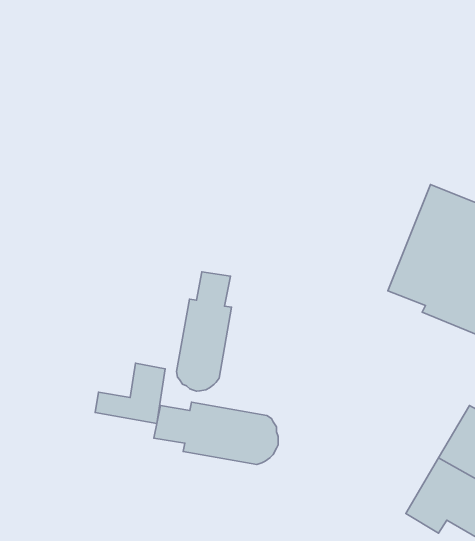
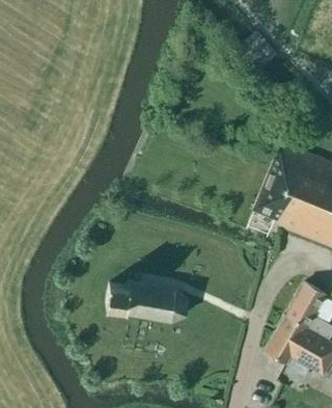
building: [176,272,232,391] -> none
building: [95,363,165,423] -> none

